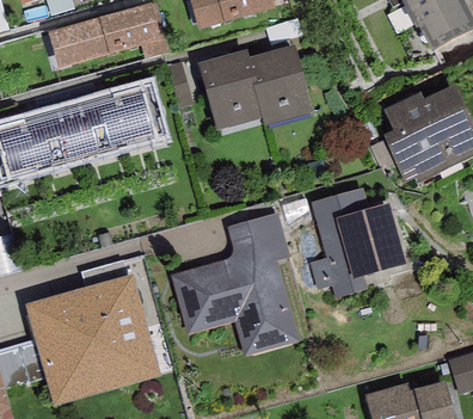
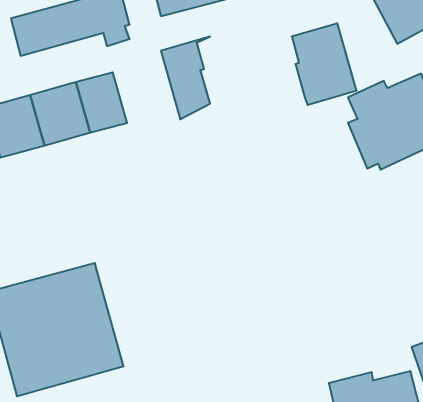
building: [233,41,297,122] -> [292,23,357,105]
building: [309,185,406,297] -> none
building: [171,210,299,353] -> none

